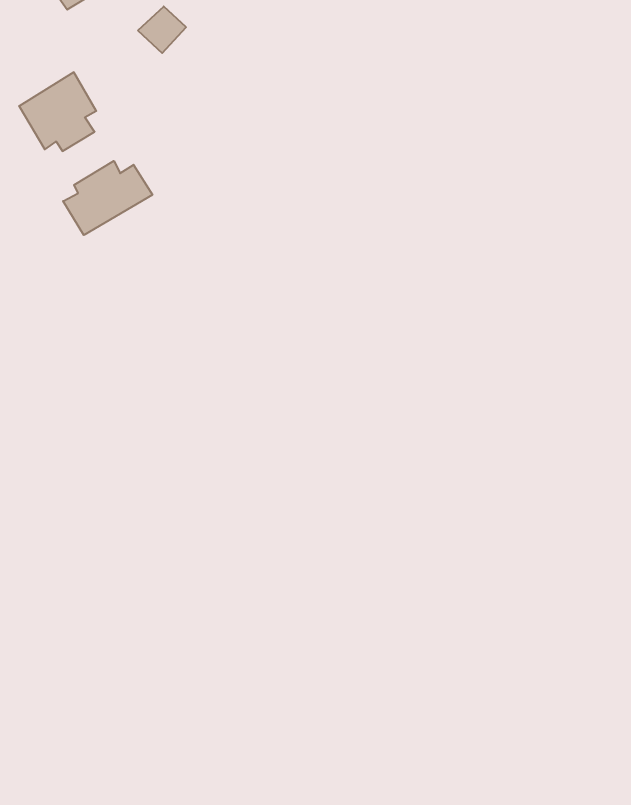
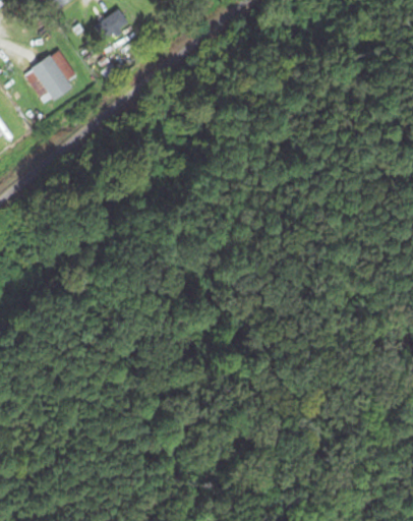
building: [63,161,152,235] -> none

